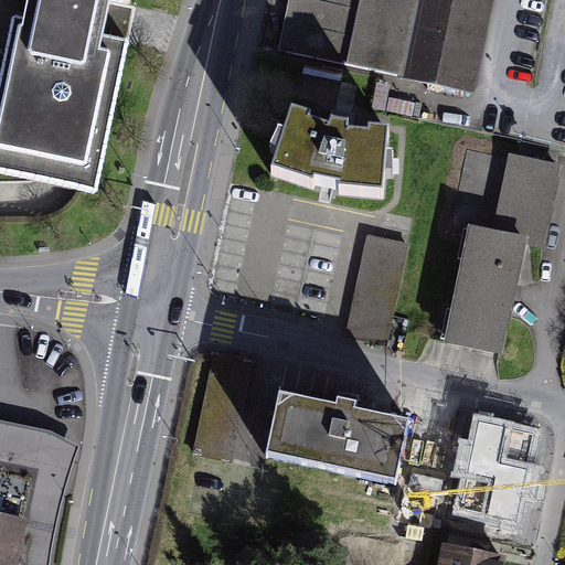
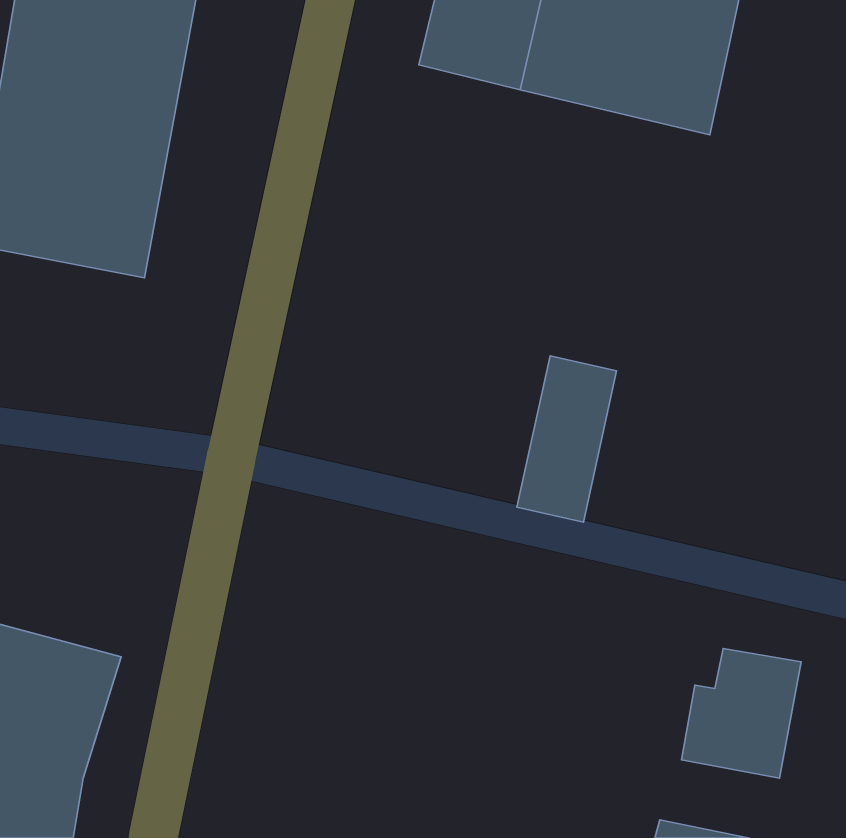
building: [270,111,388,191] -> none
building: [438,157,557,350] -> none
building: [270,398,406,481] -> none

